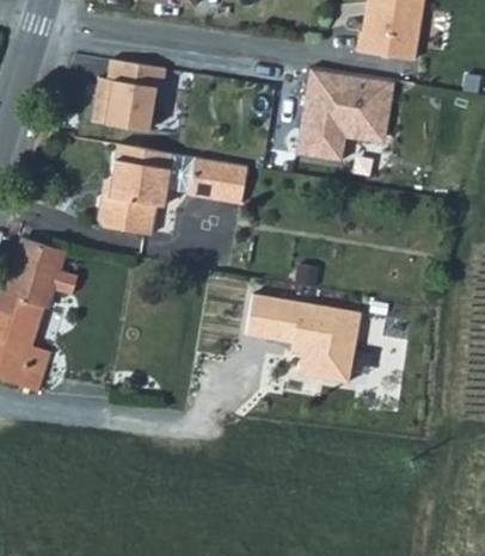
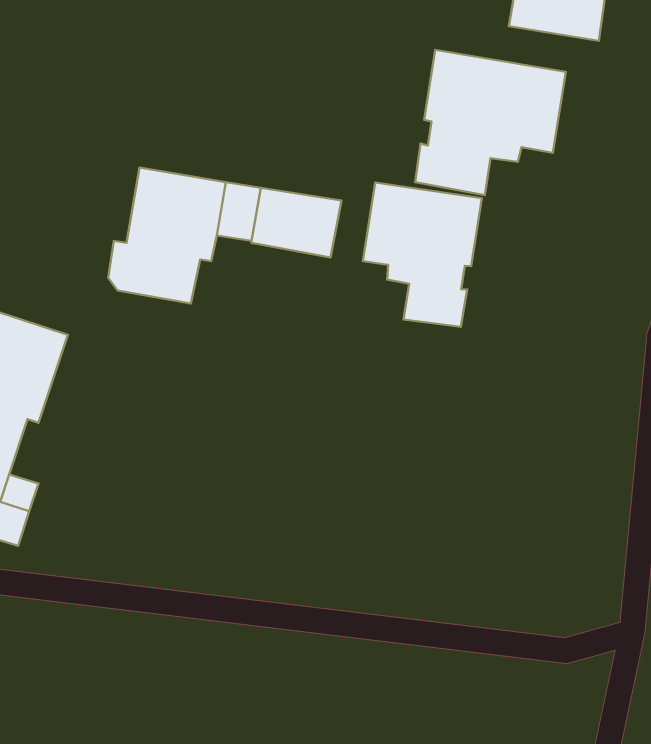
building: [91,58,165,129] -> none
building: none -> [363,182,482,327]
building: [244,304,358,389] -> none

